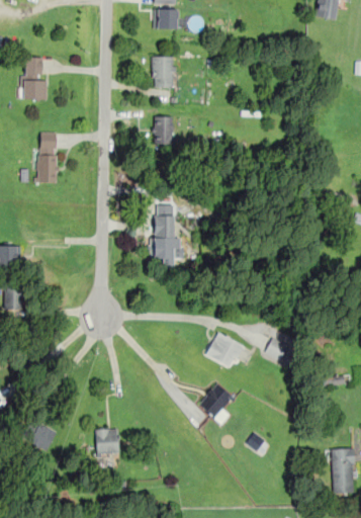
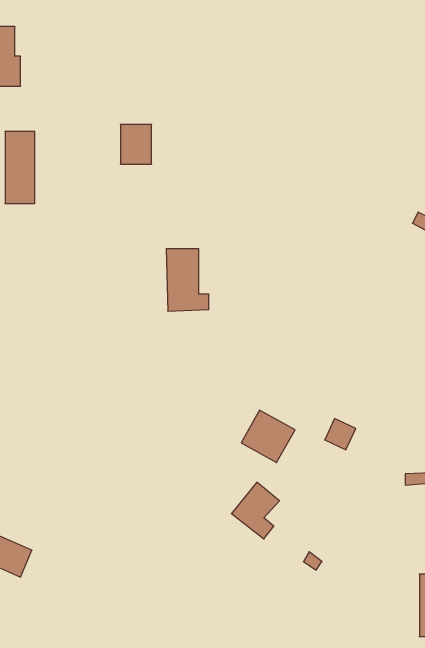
building: [152,57,175,88] -> none
building: [153,116,175,145] -> [120,124,152,164]
building: [95,429,119,454] -> none

